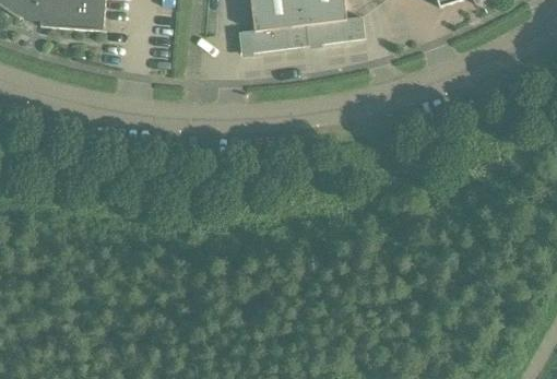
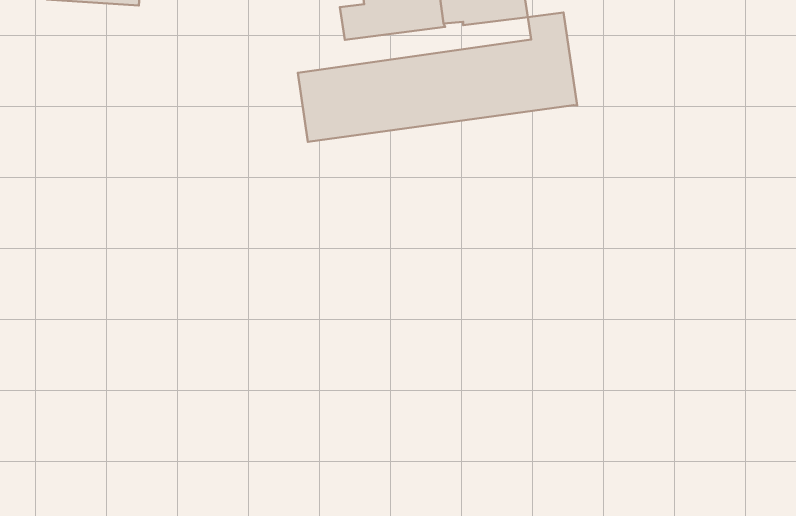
building: none -> [298,13,577,142]

